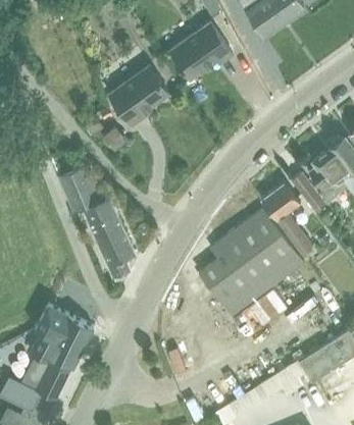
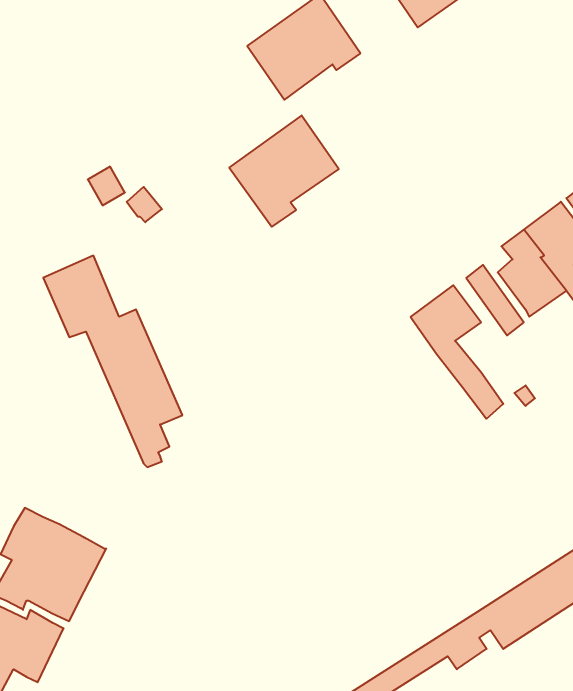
building: [111,66,171,127] -> [229,115,339,227]
building: [198,209,303,317] -> none

